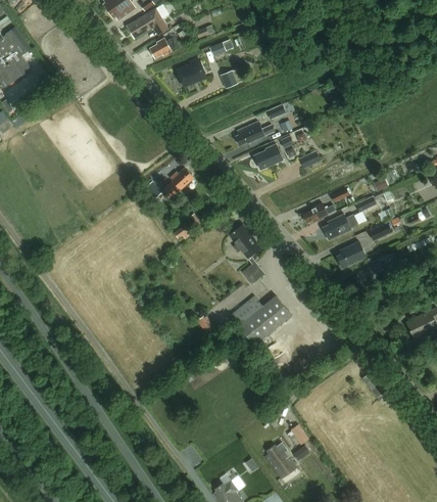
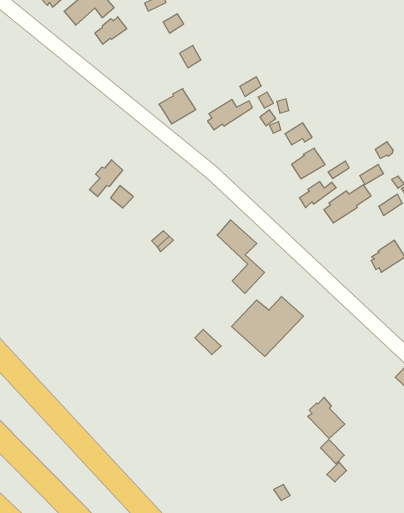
building: [177,57,207,86] -> [159,89,196,124]
building: [254,144,283,169] -> [292,148,325,179]
building: [163,167,194,196] -> [89,160,123,197]
building: [336,240,366,267] -> none
building: [265,442,296,477] -> [308,397,345,438]

